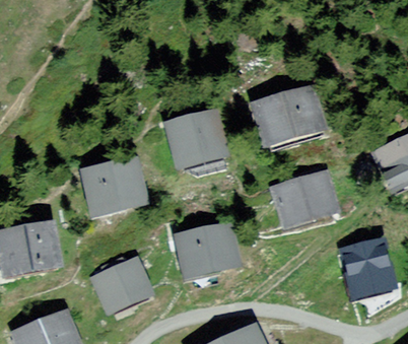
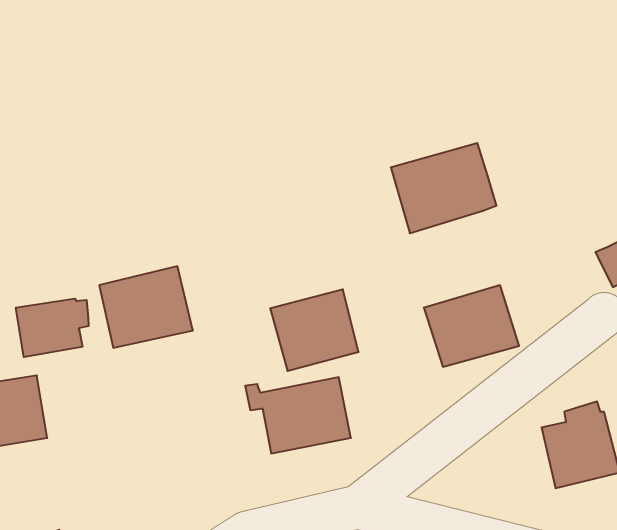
building: [171,116,222,163] -> [270,289,359,371]
building: none -> [16,299,89,357]
building: [98,255,146,307] -> none

